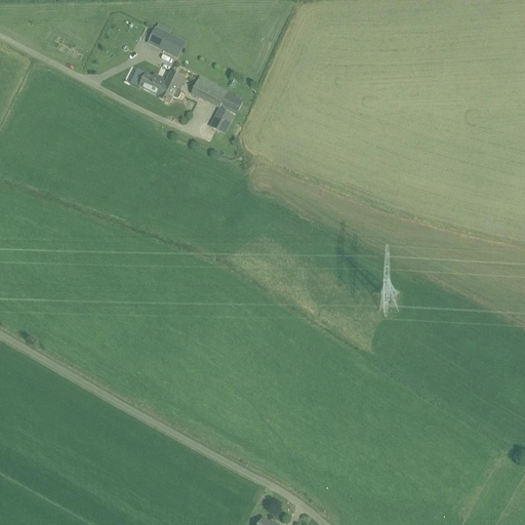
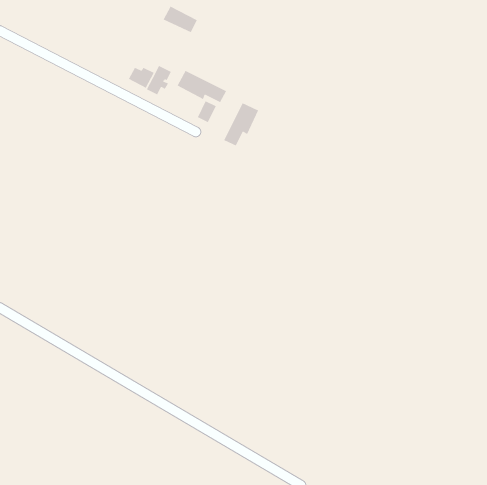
building: [148,27,186,56] -> [162,6,198,33]
building: none -> [223,102,259,146]

